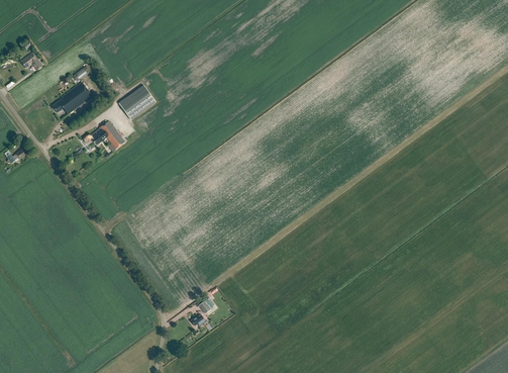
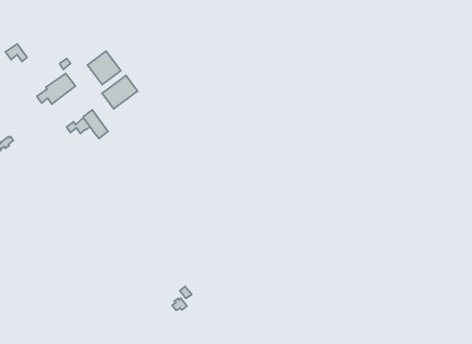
building: none -> [87,51,121,85]

